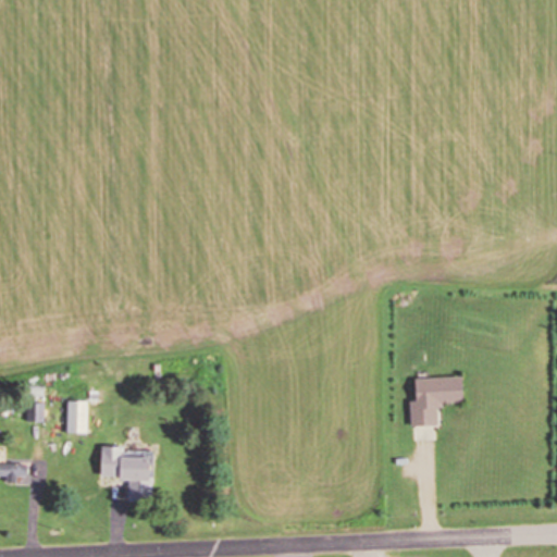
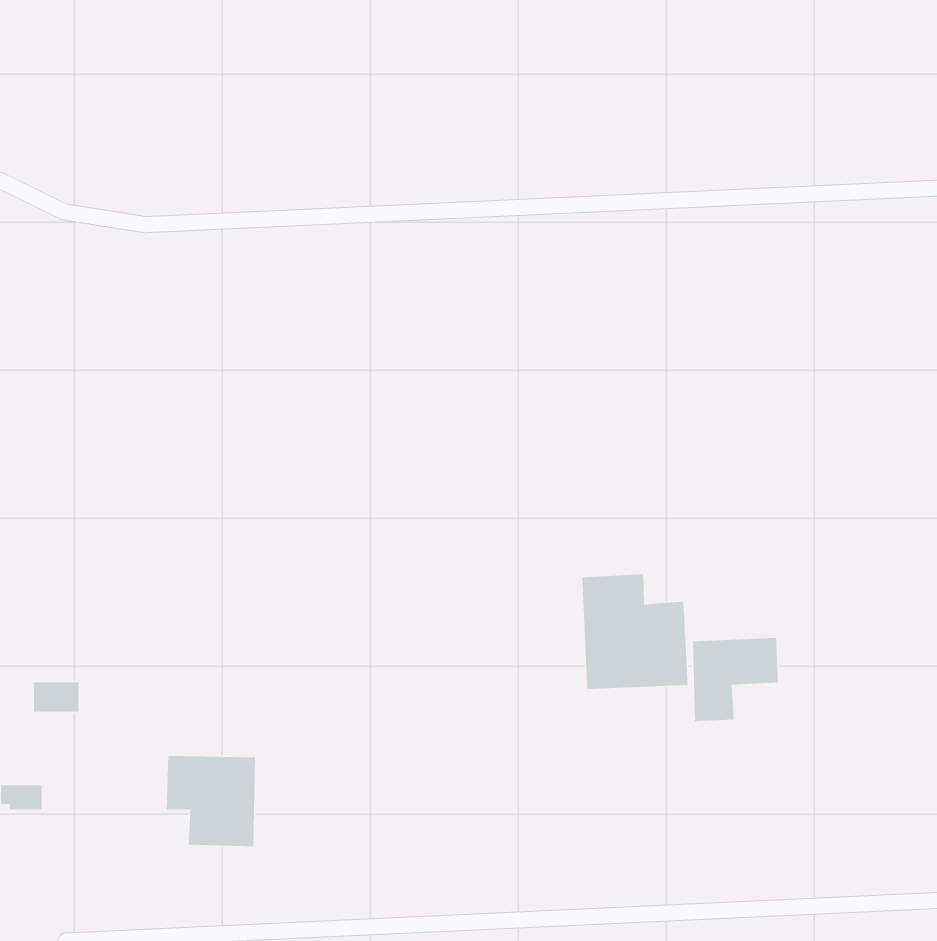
building: none -> [582,573,689,690]
building: [67,401,88,433] -> none

